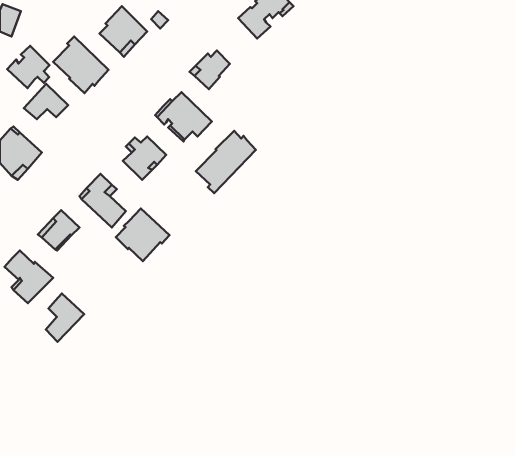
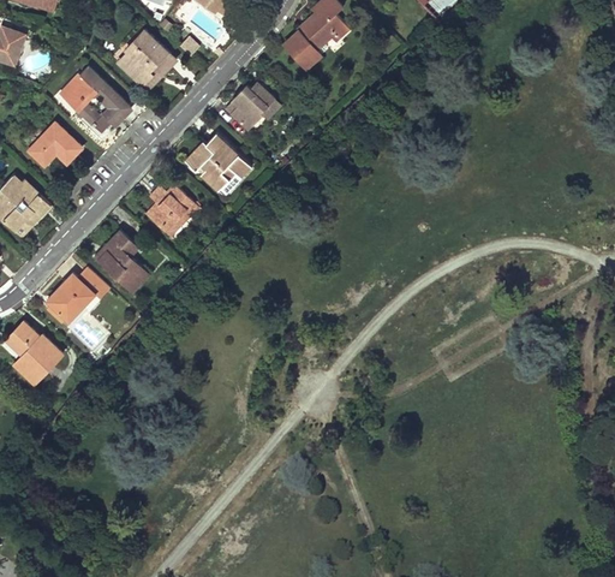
building: [7,46,49,88] -> none
building: [196,131,256,193] -> none
building: [116,209,170,261] -> none
building: [46,293,84,342] -> none

